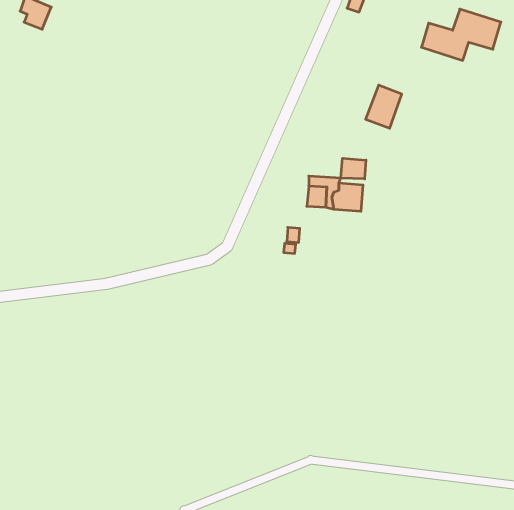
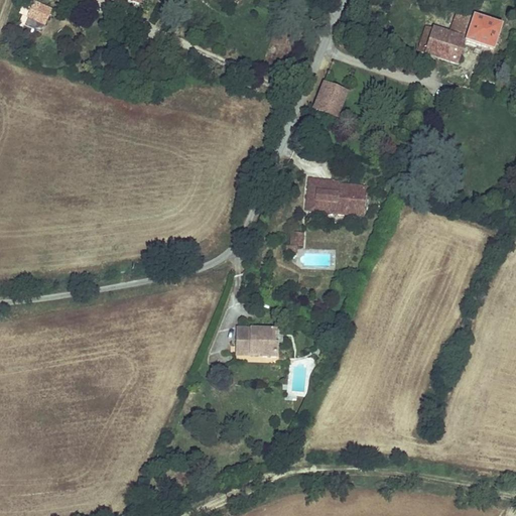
building: [366,85,402,128] -> [308,76,345,119]
building: [341,158,366,179] -> none
building: none -> [236,325,277,358]

